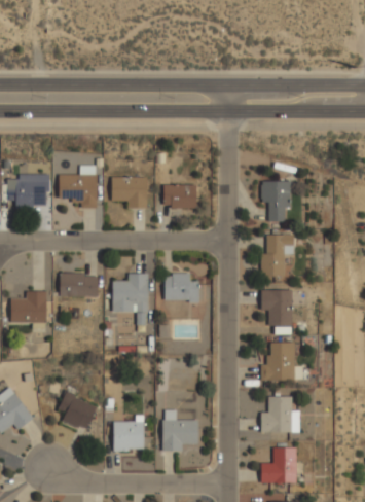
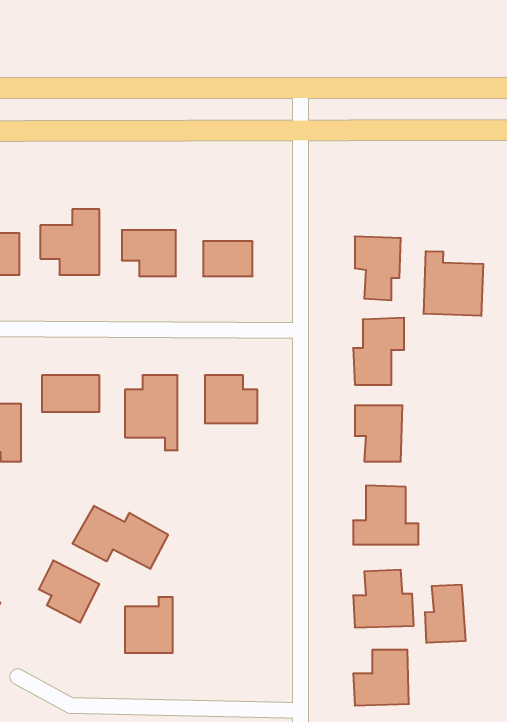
building: none -> [424,251,483,316]
building: none -> [72,506,168,569]
building: none -> [425,585,465,643]
building: [163,408,198,452] -> none

